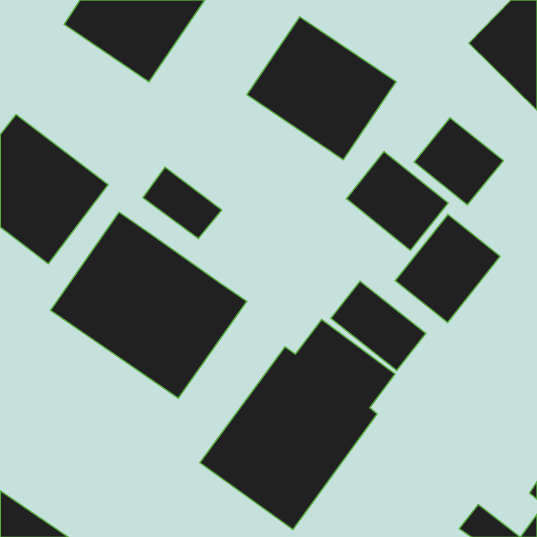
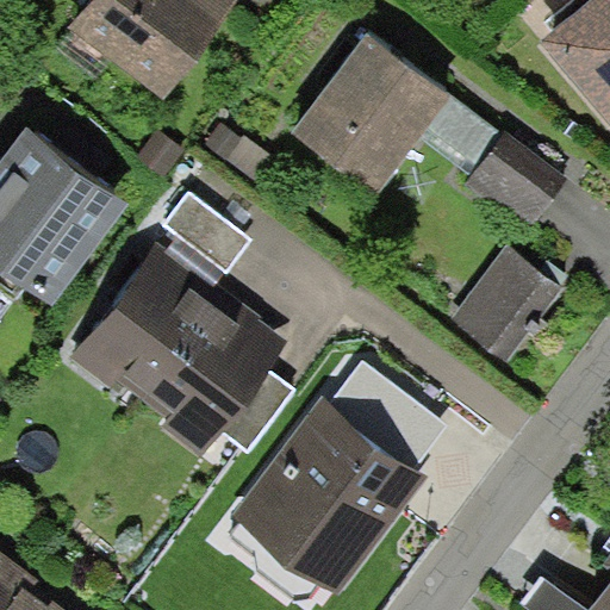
building: [346,151,448,250] -> none
building: [331,281,426,371] -> none

